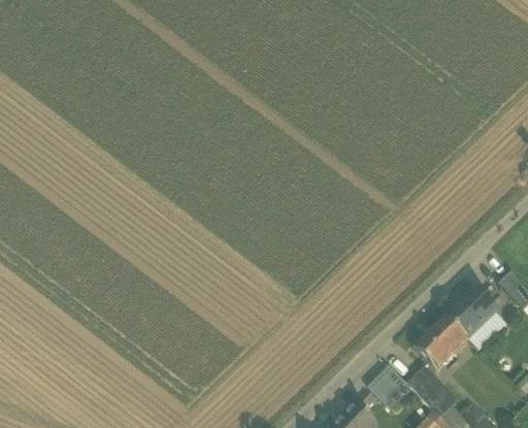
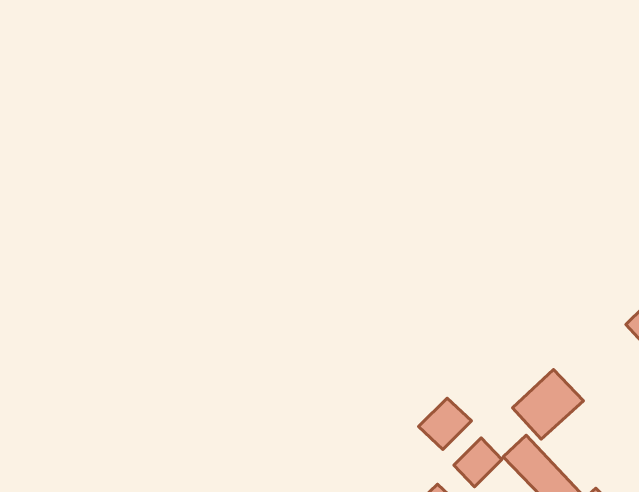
building: [444,288,498,341] -> none
building: none -> [419,398,471,449]

